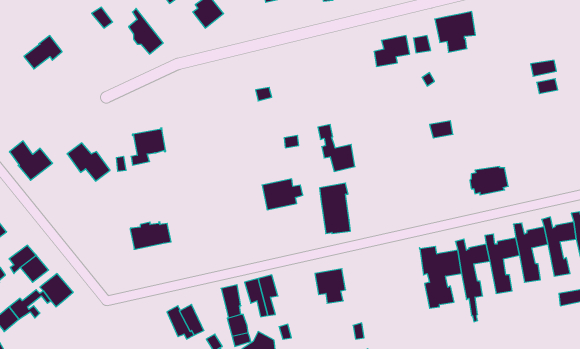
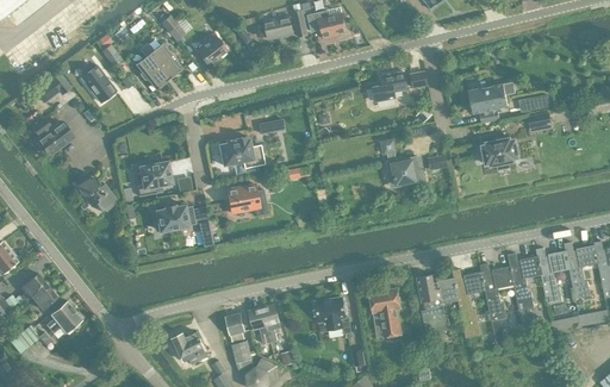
building: none -> [142,43,181,79]
building: [435,12,475,52] -> [467,83,506,123]
building: none -> [80,67,113,102]
building: none -> [218,136,263,167]
building: [318,125,355,171] -> [380,139,416,185]
building: [9,141,53,180] -> [30,116,71,154]
building: [470,167,508,195] -> [480,138,517,166]
building: [262,179,303,210] -> [225,183,264,213]
building: [320,183,350,234] -> [369,288,399,337]
building: [130,222,171,249] -> [155,205,194,231]

